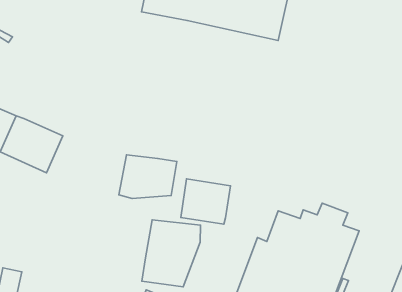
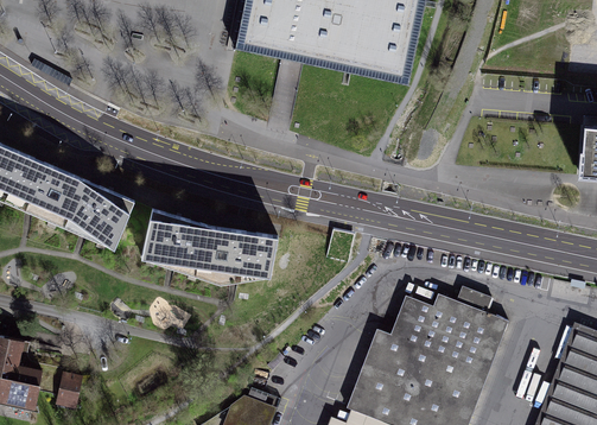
building: none -> [145,208,216,275]
building: [181,179,231,224] -> none
building: [142,220,201,287] -> none

